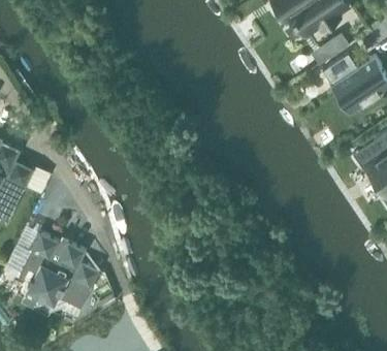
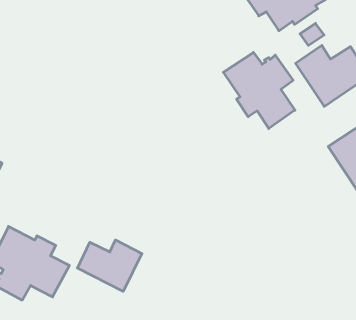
building: none -> [223,52,295,129]
building: none -> [77,240,142,291]

